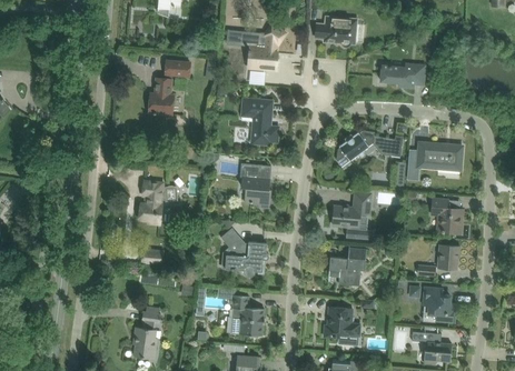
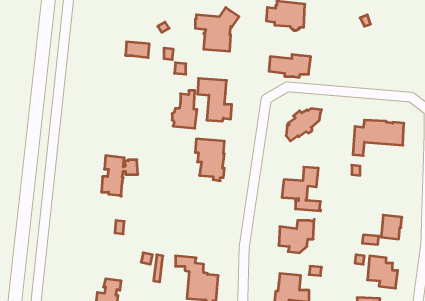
building: [380,63,425,88] -> [269,54,311,77]
building: [147,74,174,114] -> [172,91,197,128]
building: [372,136,403,157] -> none
building: [430,199,463,234] -> none
building: [220,228,269,277] -> none

